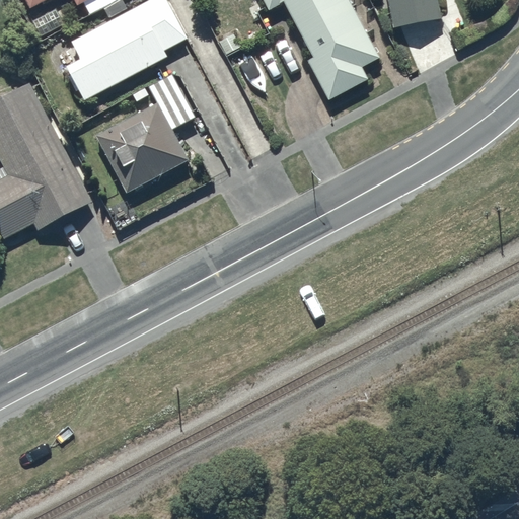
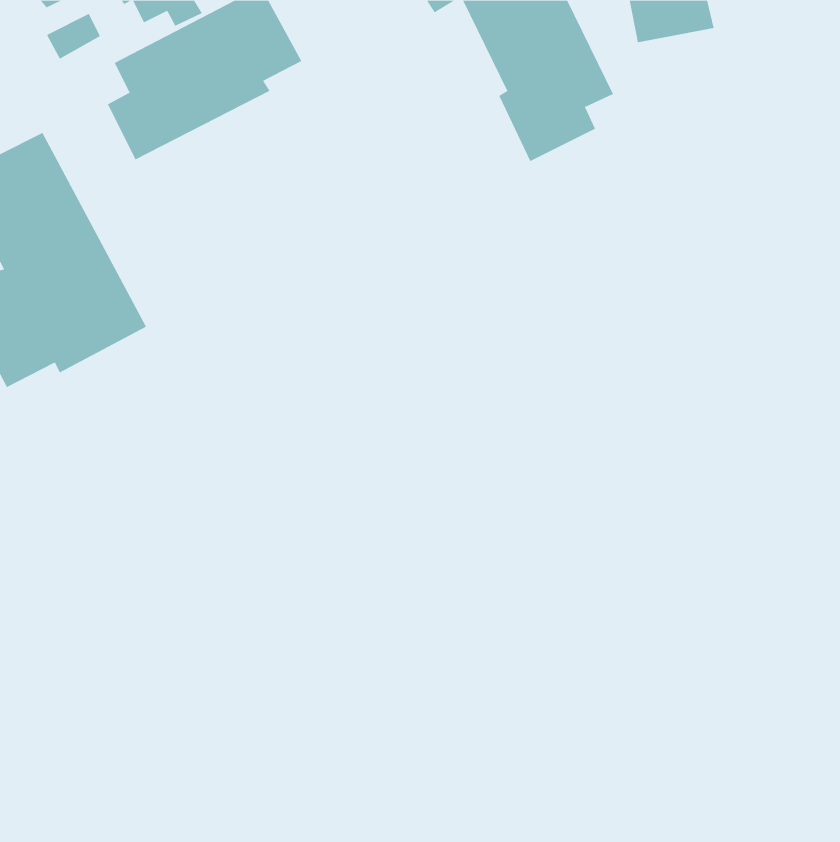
building: [94,74,194,194] -> none

